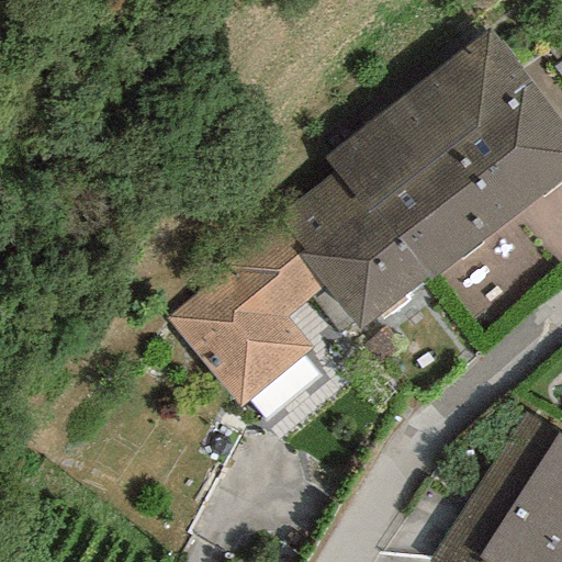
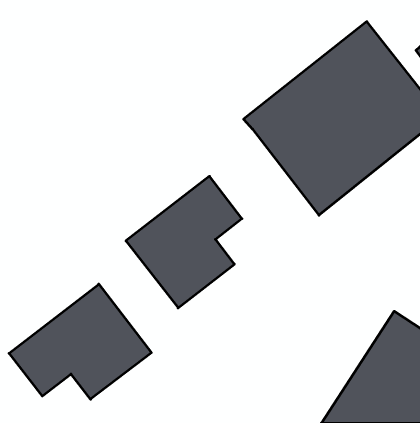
building: [276,171,427,334] -> none
building: none -> [9,284,151,399]

